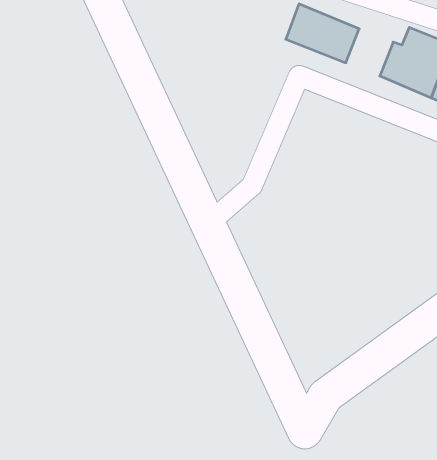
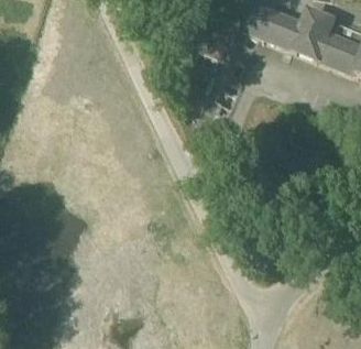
building: none -> [291,9,331,58]

